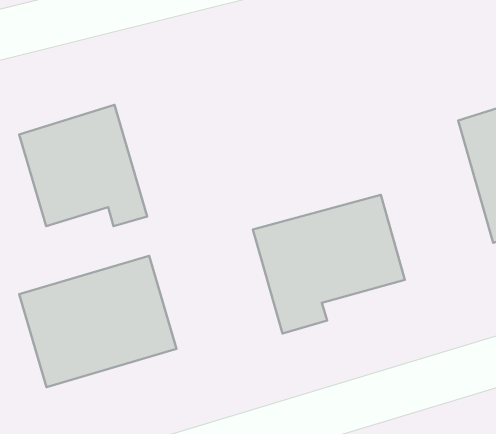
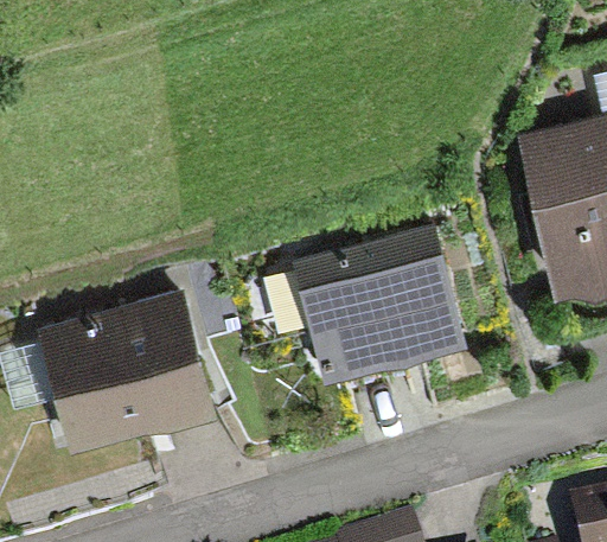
building: [19,105,147,226] -> none

